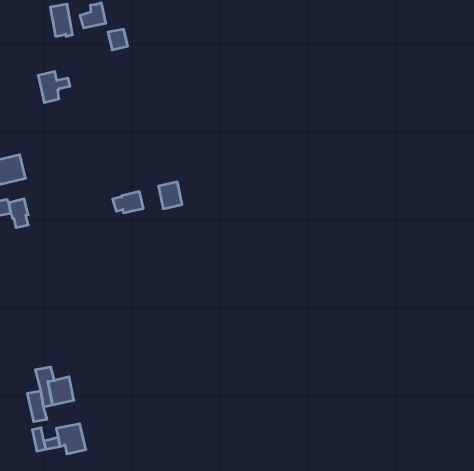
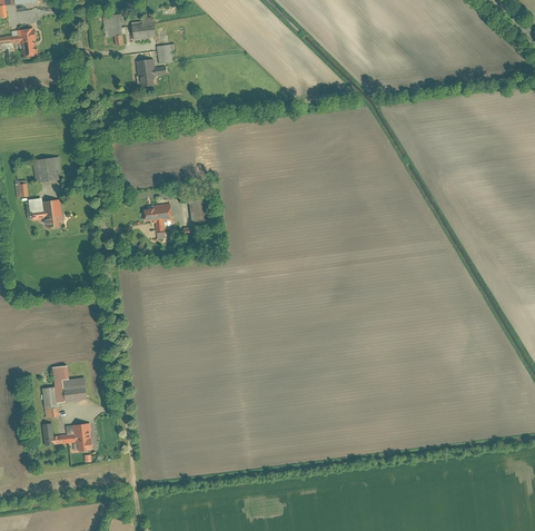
building: [38,72,70,103] -> [136,59,166,88]

